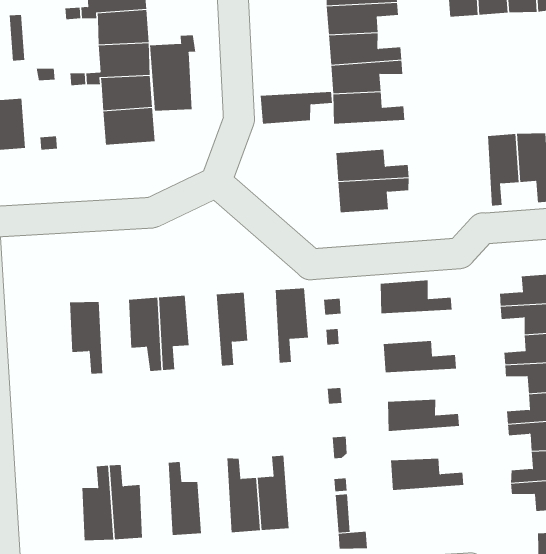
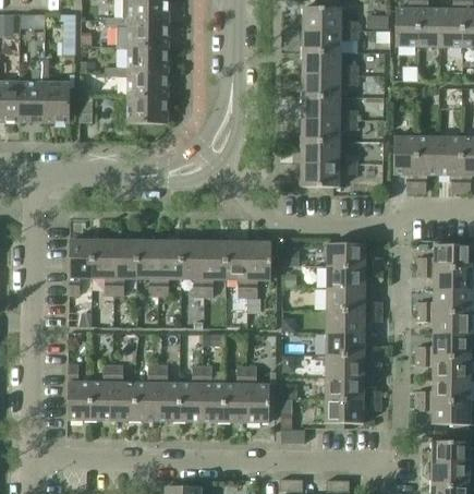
building: [150,34,196,112] -> none
building: [260,92,333,124] -> [302,119,356,141]
building: none -> [393,136,417,190]
building: none -> [226,241,248,297]
building: none -> [181,240,204,296]
building: none -> [114,240,137,294]
building: none -> [69,239,93,294]
building: none -> [327,265,381,288]
building: none -> [327,310,381,333]
building: none -> [326,354,380,377]
building: none -> [246,366,270,422]
building: none -> [180,365,203,422]
building: none -> [135,365,158,421]
building: none -> [68,364,92,420]
building: none -> [325,399,380,422]

